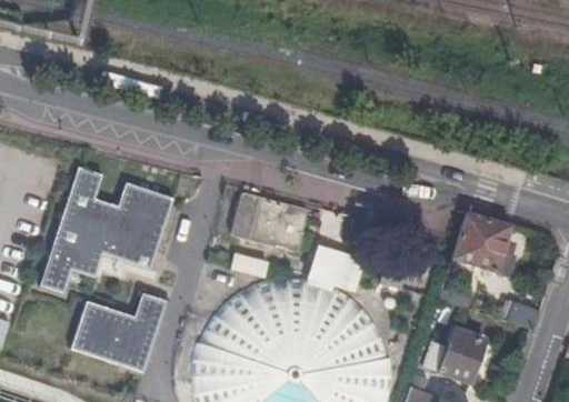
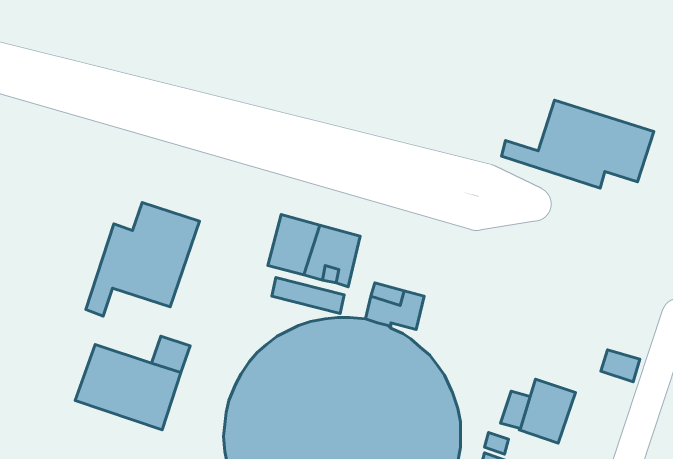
building: none -> [502,100,654,188]
building: [38,164,103,291] -> none
building: [452,211,512,271] -> none

